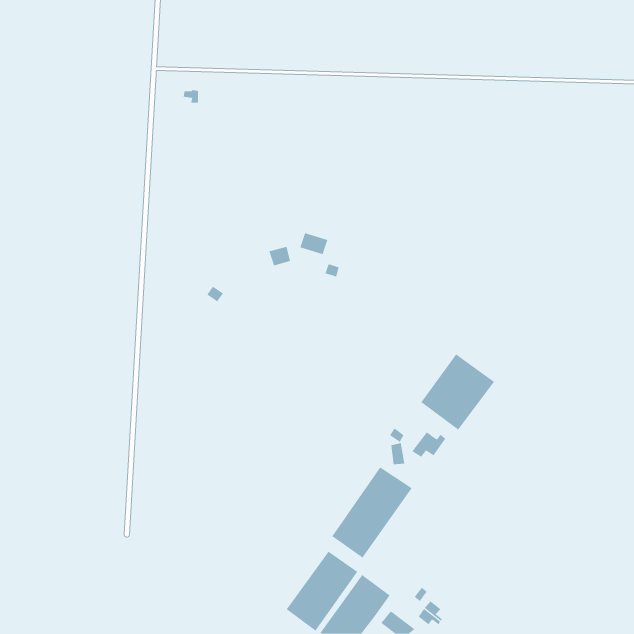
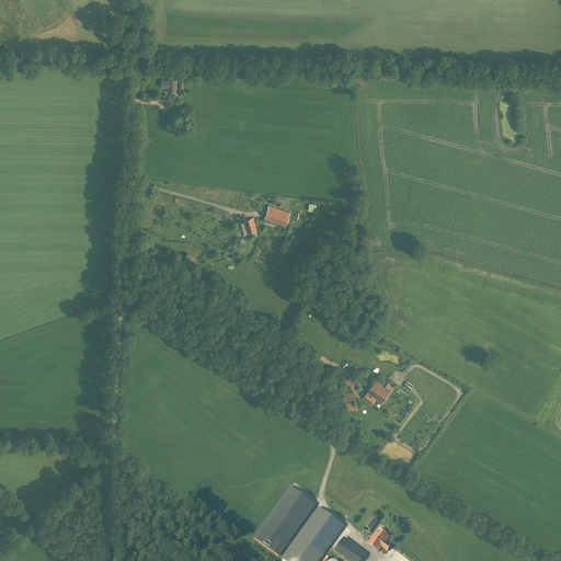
building: [421,353,495,430] -> none
building: [332,466,413,559] -> none

